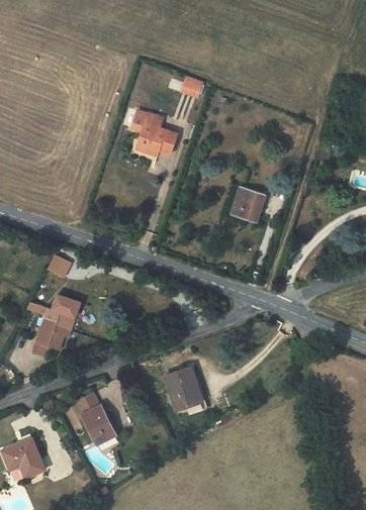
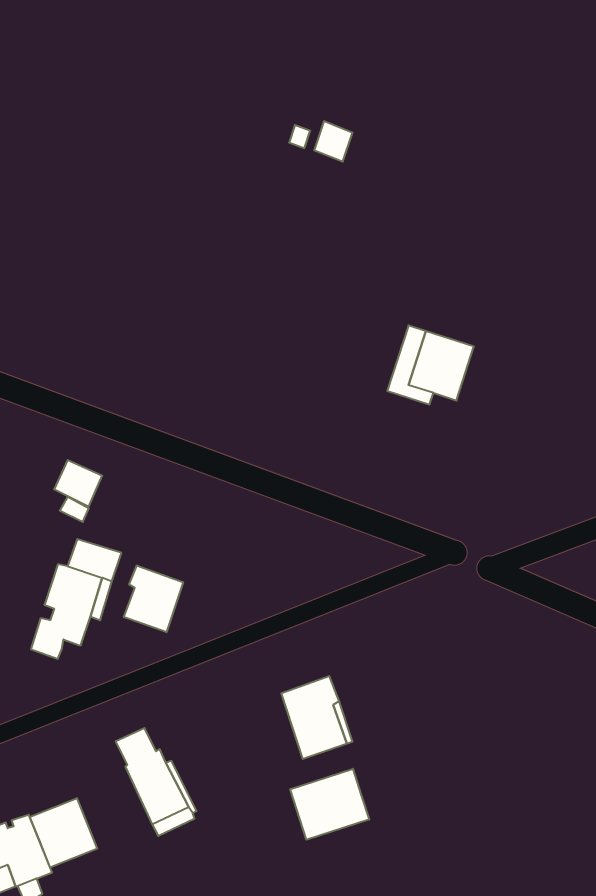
building: [131,110,177,155] -> none
building: none -> [124,565,183,632]
building: none -> [290,769,369,840]
building: none -> [30,798,97,868]

